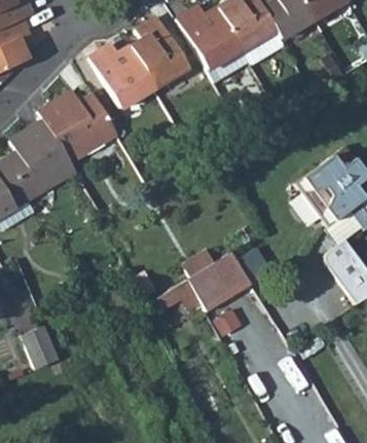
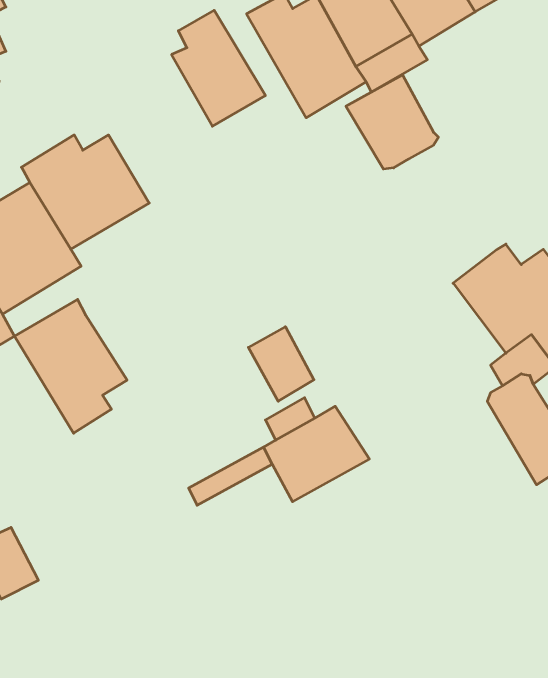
building: [94,42,158,106] -> none
building: none -> [346,75,438,169]
building: none -> [15,299,127,433]
building: none -> [248,327,314,401]

